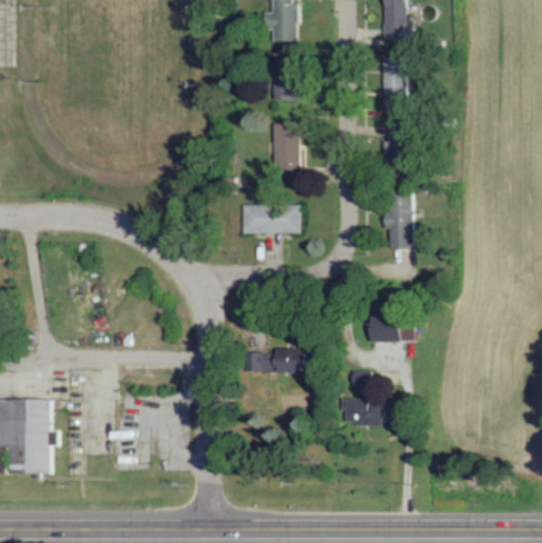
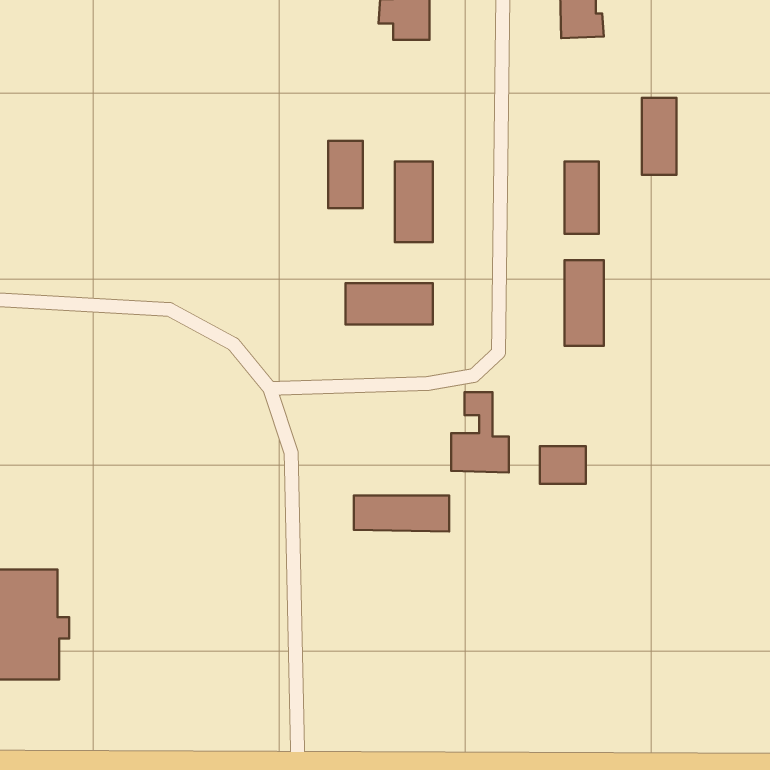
building: [272,57,295,102] -> [328,141,363,208]
building: [384,58,407,110] -> [642,98,677,175]
building: [346,371,385,426] -> [451,392,509,473]

